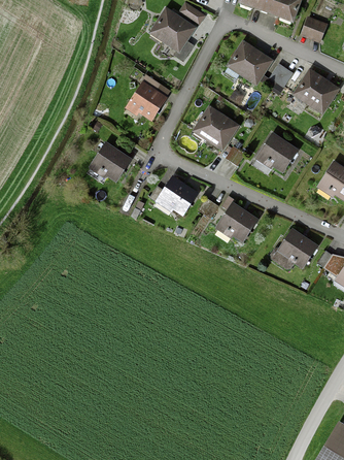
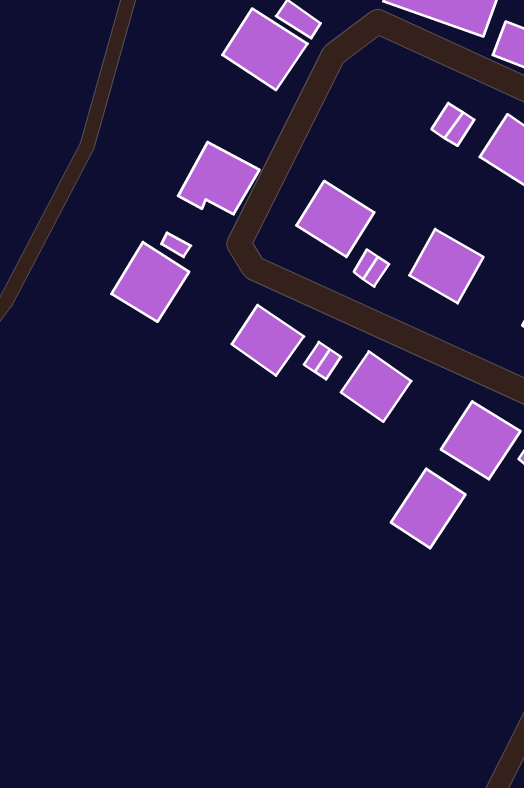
building: [227,41,272,86] -> none
building: none -> [391,469,465,548]

